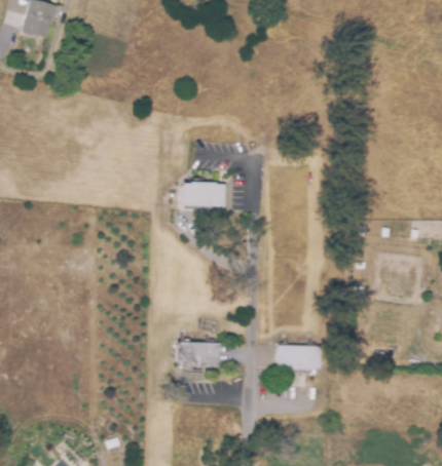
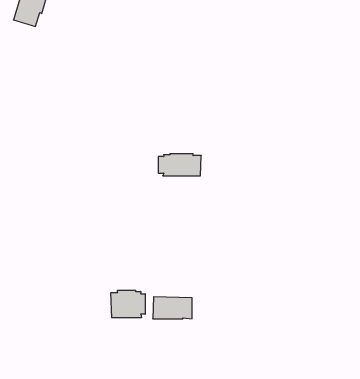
building: none -> [111,290,145,318]
building: [277,344,321,370] -> none

